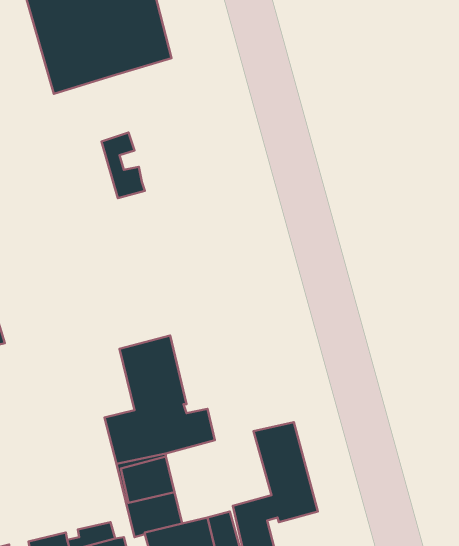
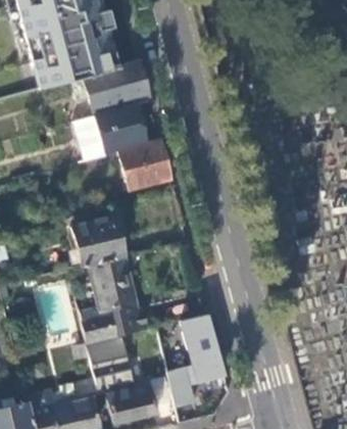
building: none -> [84,61,148,112]
building: none -> [89,104,145,150]
building: none -> [117,140,170,189]
building: none -> [71,217,123,267]

